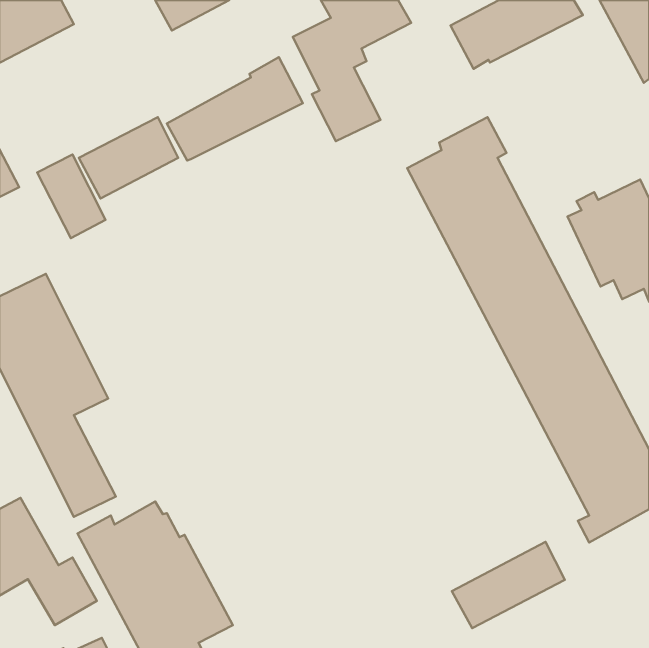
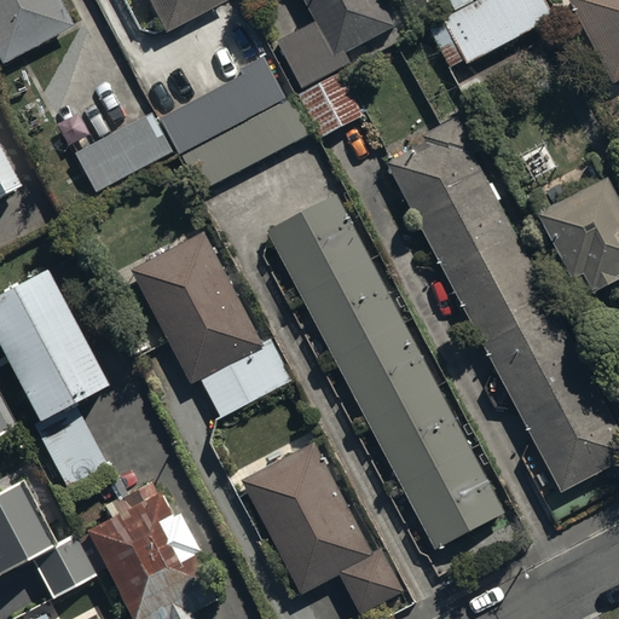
building: [37,155,105,238] -> none
building: none -> [267,193,502,546]
building: none -> [131,231,291,415]
building: none -> [244,442,403,613]
building: [452,542,565,628] -> none

